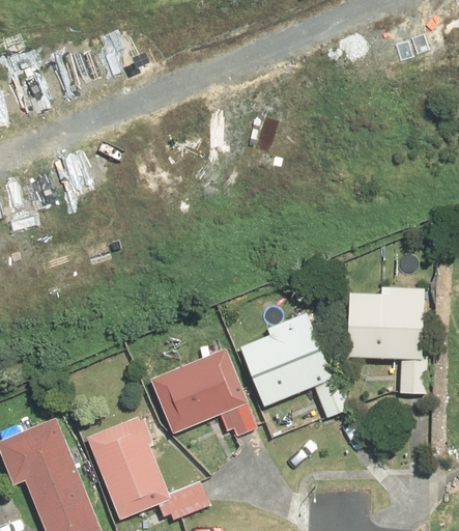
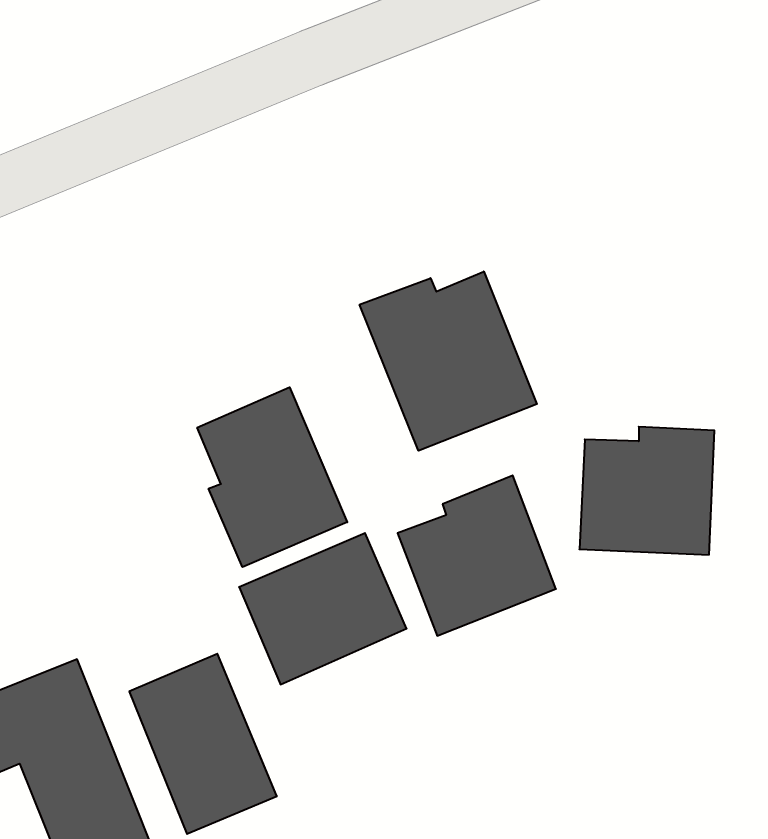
building: none -> [360,271,537,451]
building: none -> [197,387,347,567]

